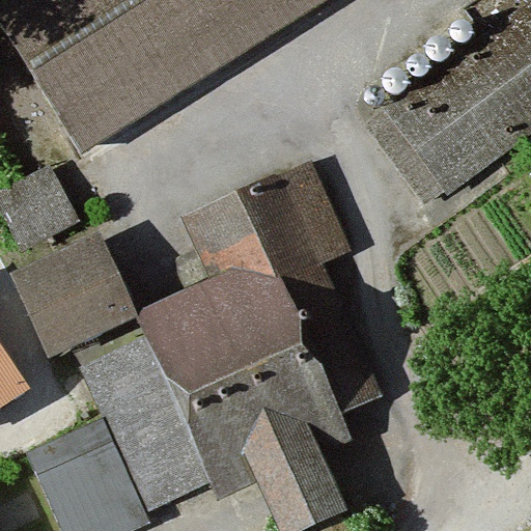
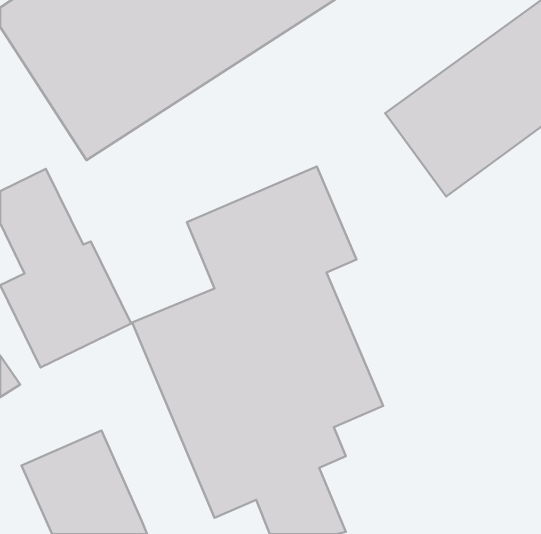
building: [79,341,195,506] -> none

